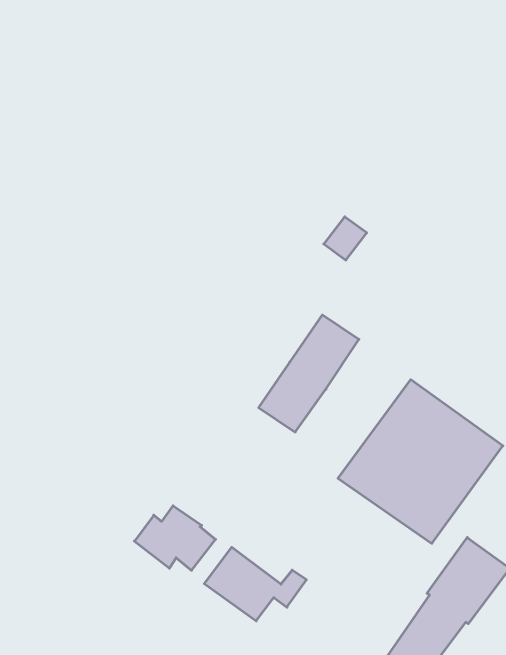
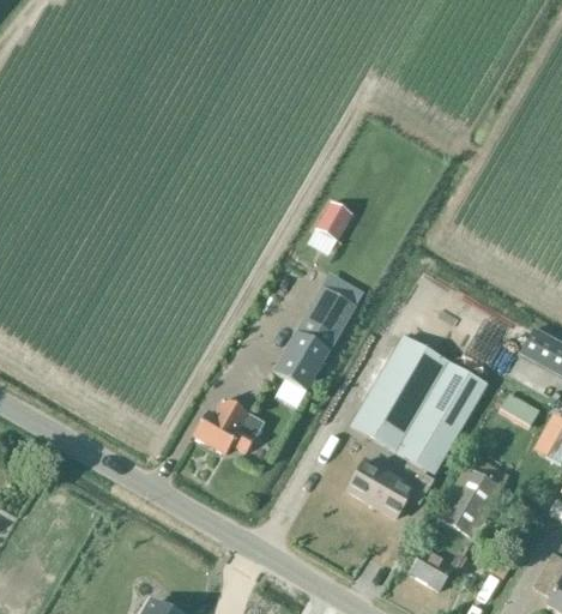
building: [134,506,216,570] -> [193,399,262,453]
building: [204,547,306,621] -> [346,456,434,517]

